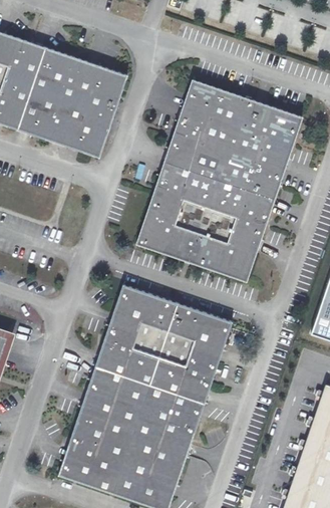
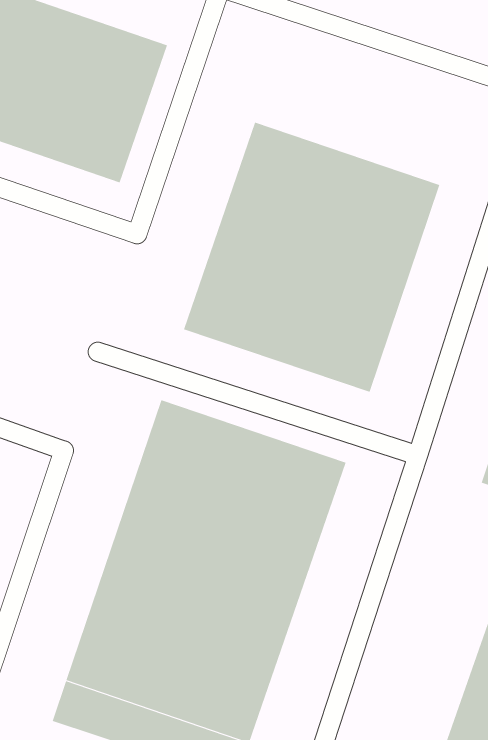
building: [179,79,303,158] -> none

